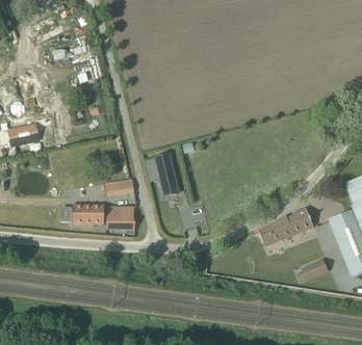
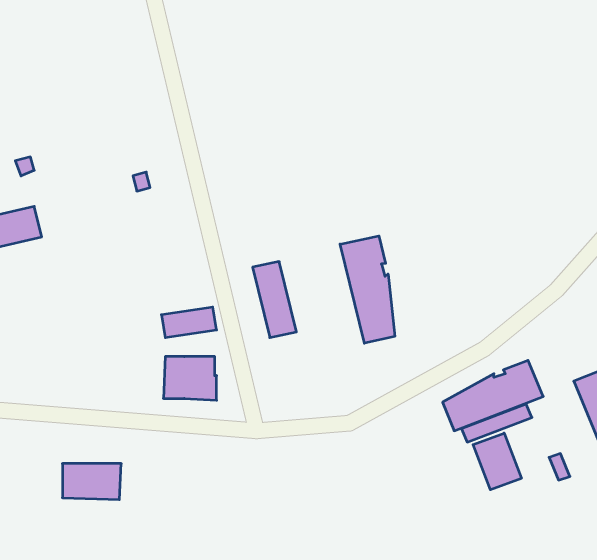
building: none -> [340,236,395,343]
building: [72,204,104,223] -> [62,464,121,500]
building: none -> [473,433,521,490]

